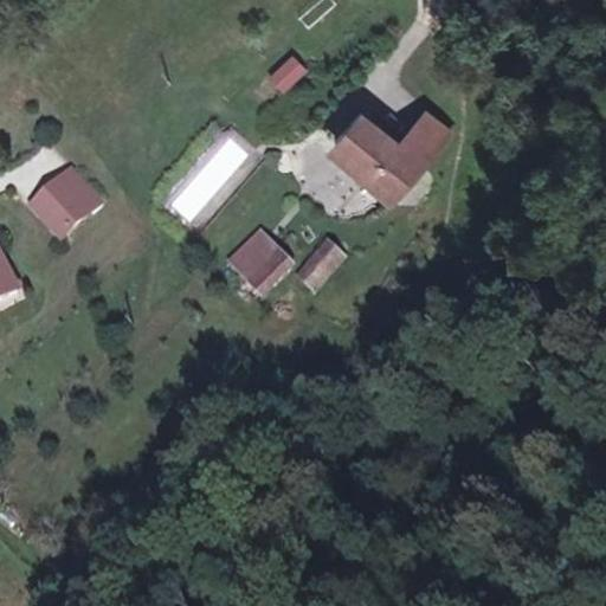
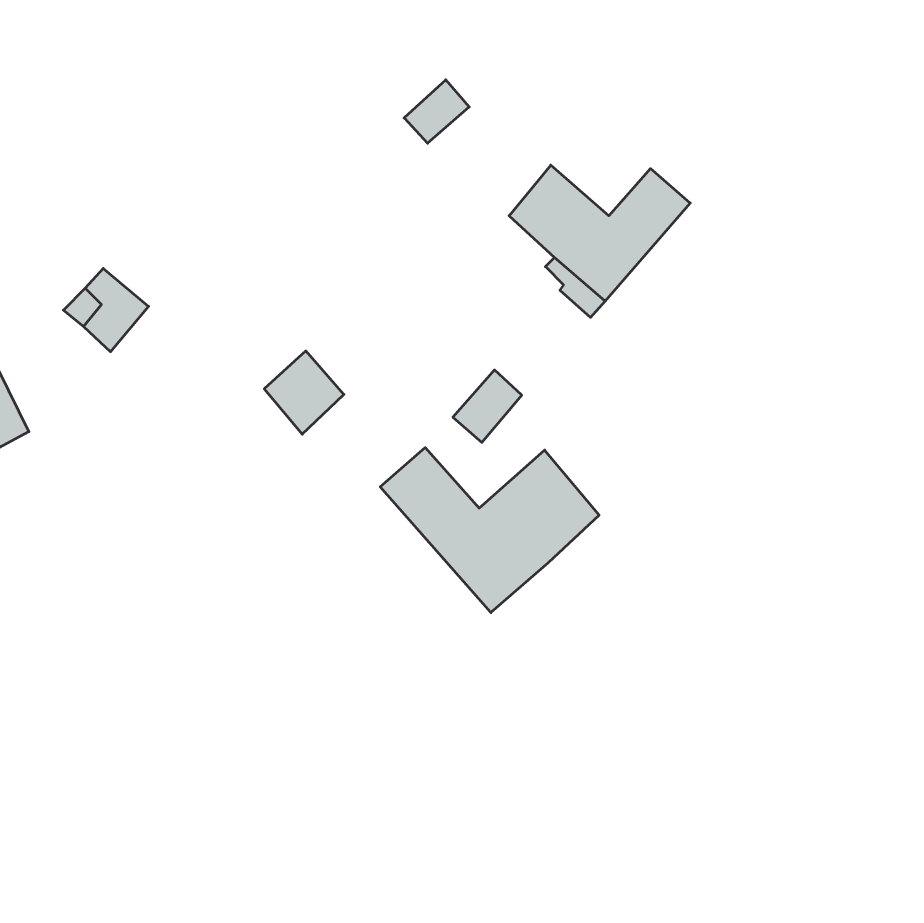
building: [233,234,285,289] -> [264,351,344,434]
building: none -> [380,448,599,613]

